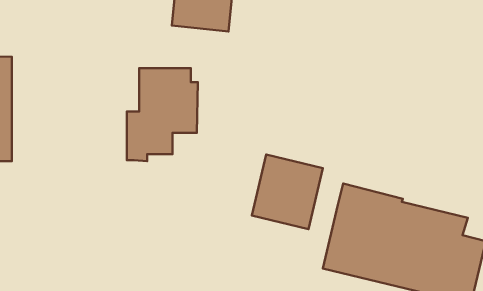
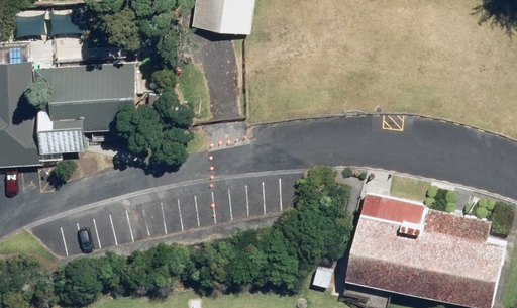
building: [127,68,198,161] -> [42,67,113,160]
building: [252,154,323,229] -> none

